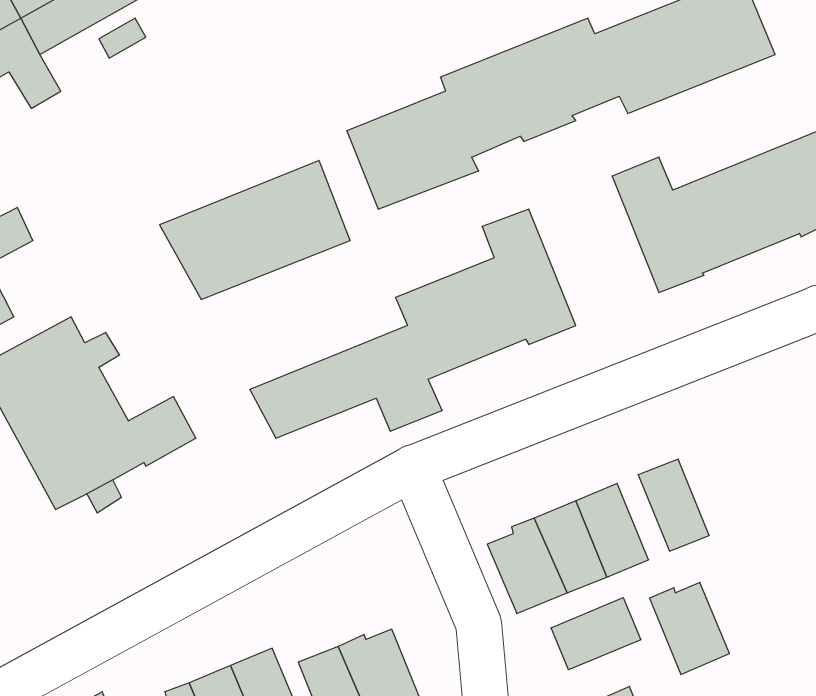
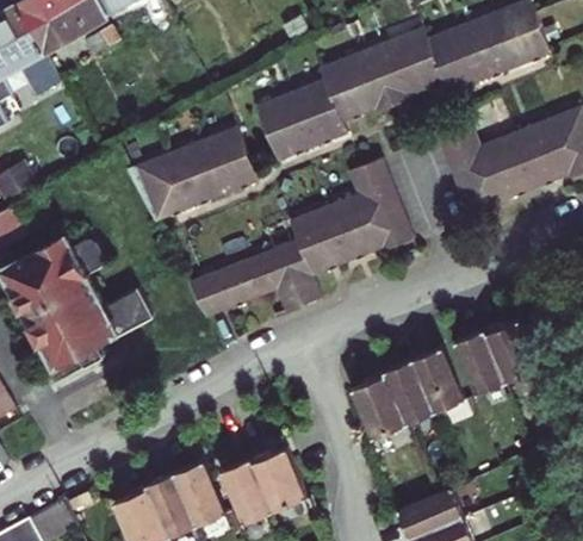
building: [650,582,729,674] -> [483,321,538,384]
building: [551,598,641,670] -> none

